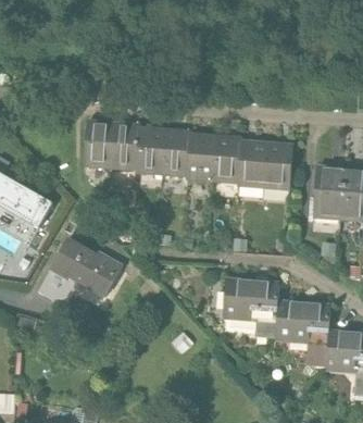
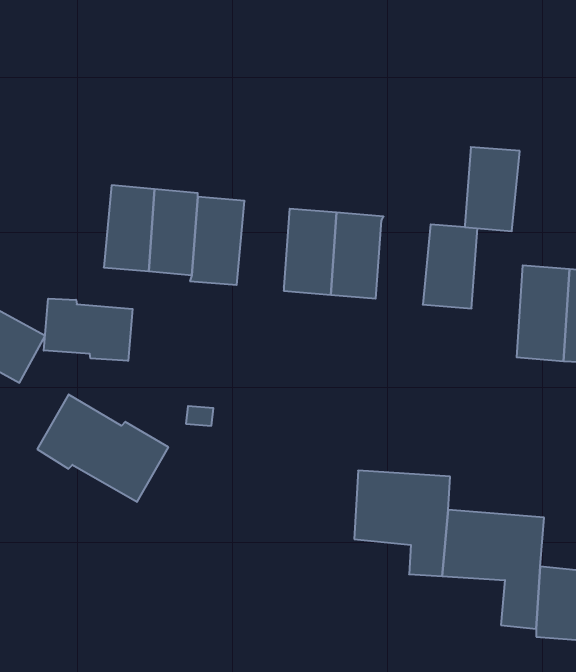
building: [160,128,189,176] -> none
building: [237,139,267,186] -> [465,147,520,231]
building: none -> [44,299,133,361]

